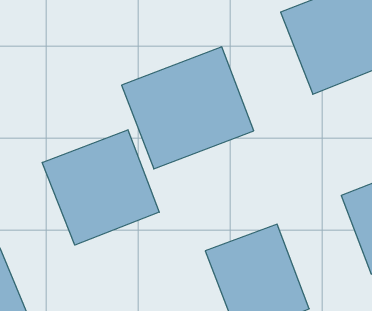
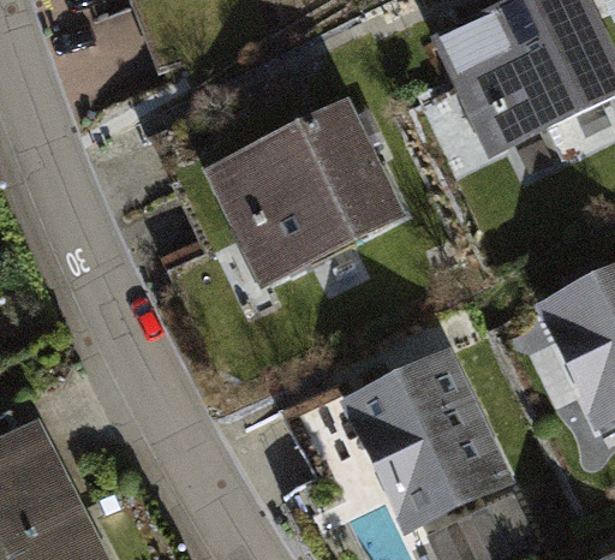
building: [42,130,159,245] -> none

